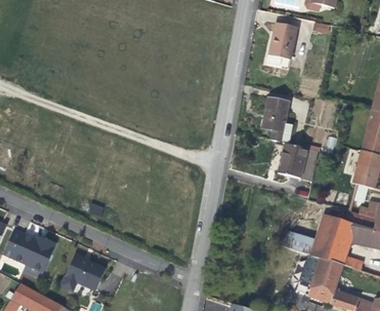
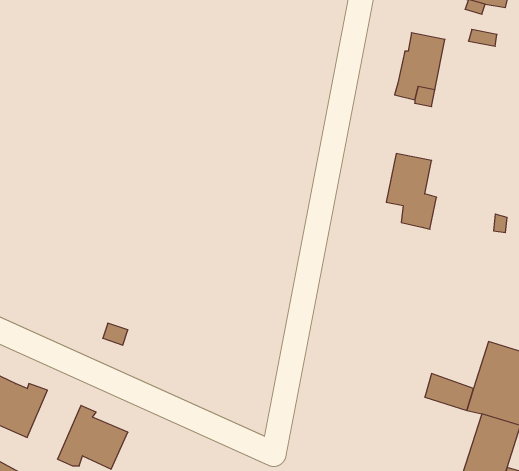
building: [278,143,319,180] -> none

